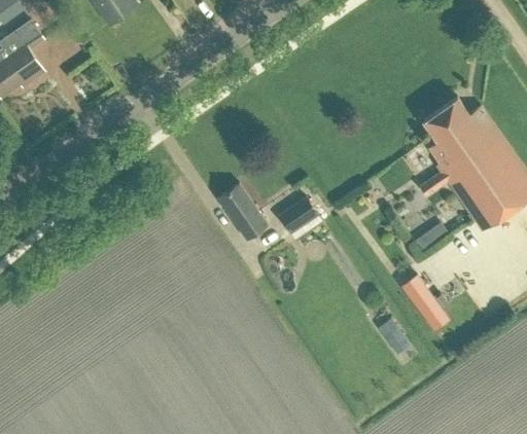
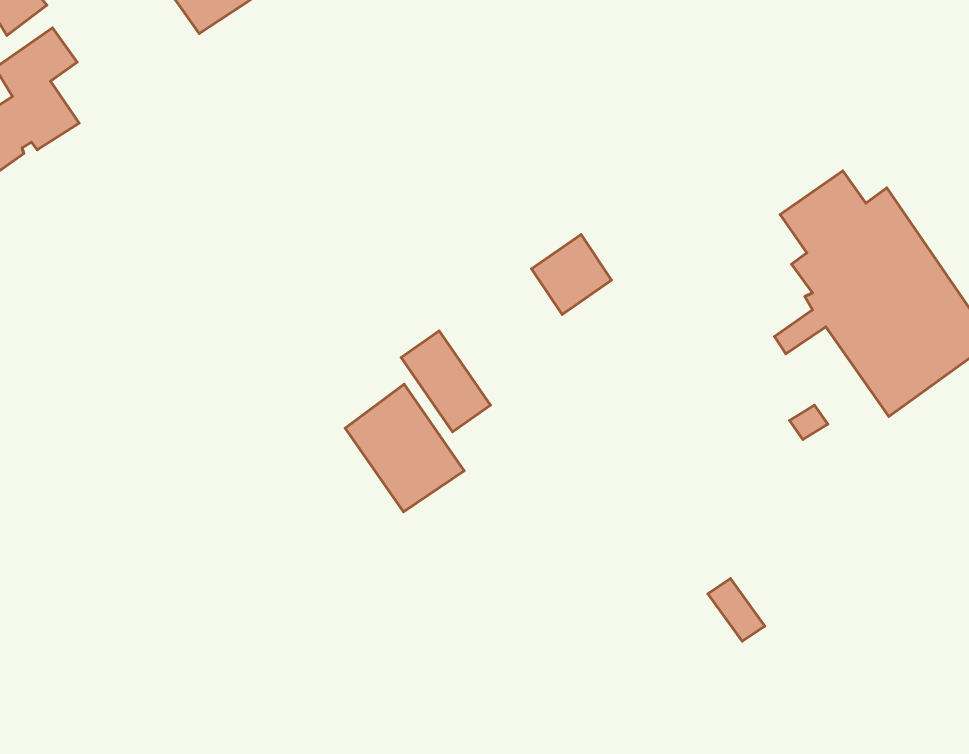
building: [279,197,322,241] -> [532,235,612,315]
building: none -> [345,384,464,512]
building: [402,277,450,331] -> none

